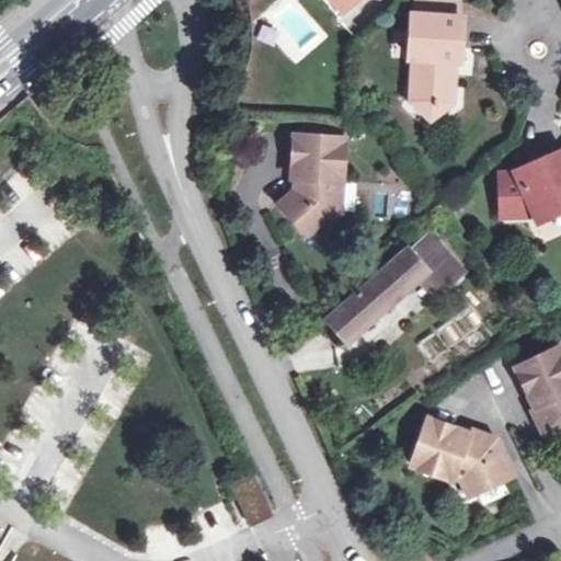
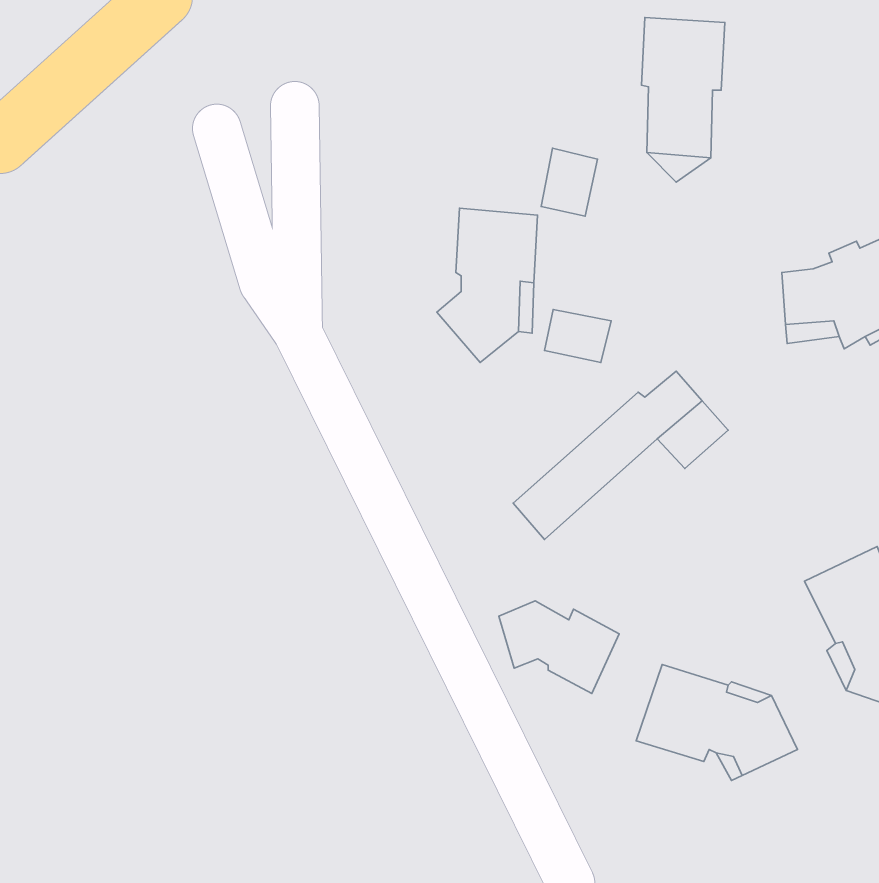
building: none -> [541,148,598,216]
building: none -> [544,309,611,363]
building: none -> [499,601,619,694]

